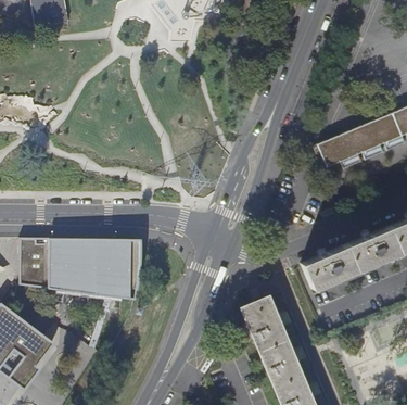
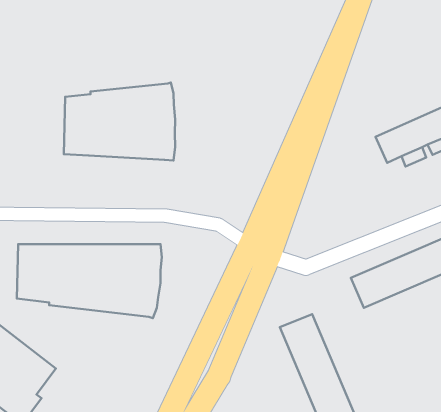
building: none -> [64,82,175,160]

